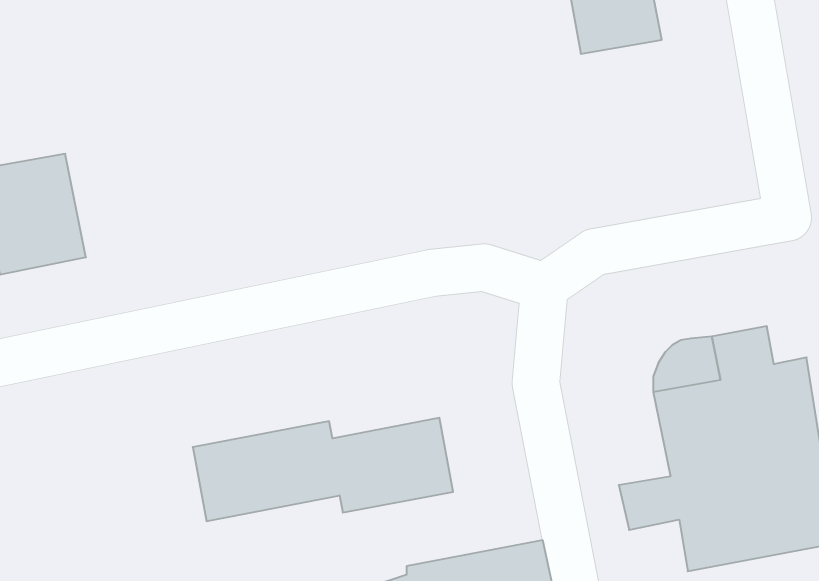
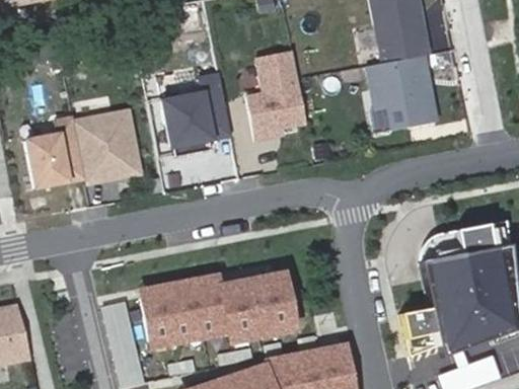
building: none -> [247,50,307,139]
building: none -> [367,54,437,126]
building: none -> [163,73,231,153]
building: none -> [74,109,140,181]

